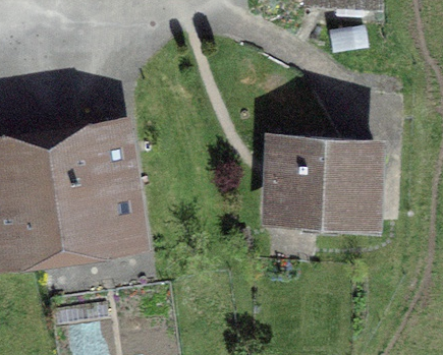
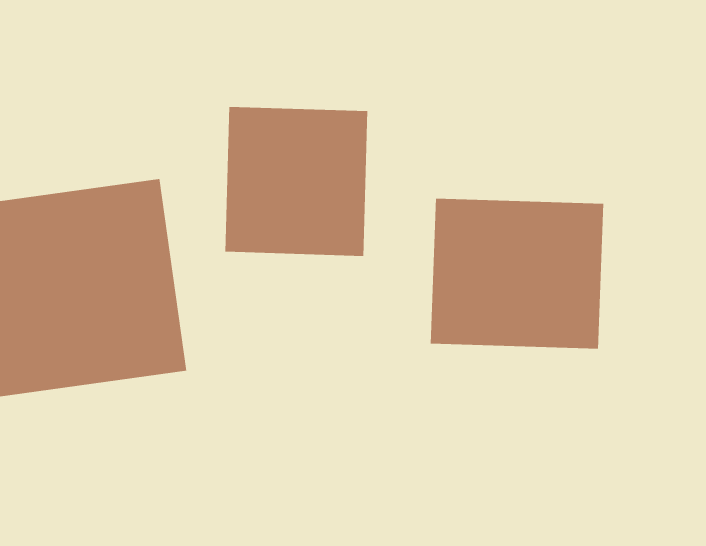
building: none -> [225,106,368,257]

